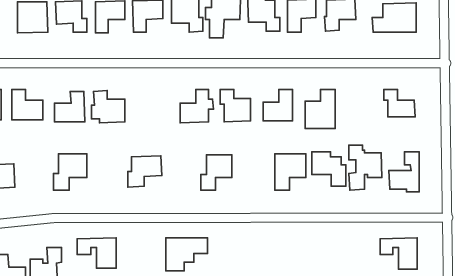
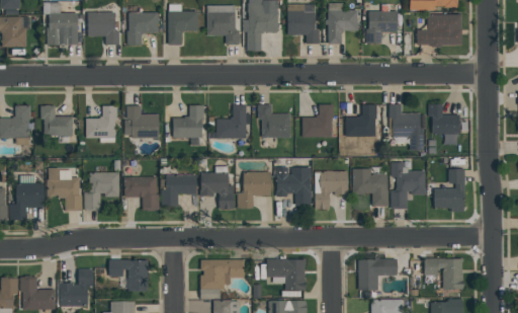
building: none -> [388,104,420,138]
building: none -> [172,105,204,138]
building: none -> [49,167,82,209]
building: none -> [277,167,311,206]
building: none -> [200,172,234,208]
building: none -> [124,175,159,209]
building: none -> [267,257,307,289]
building: none -> [358,258,397,291]

